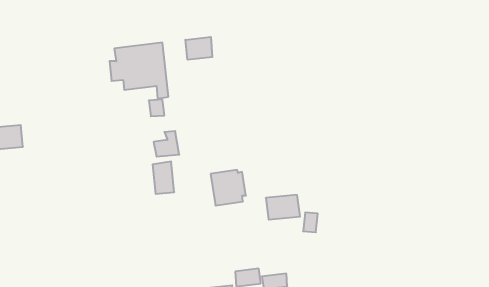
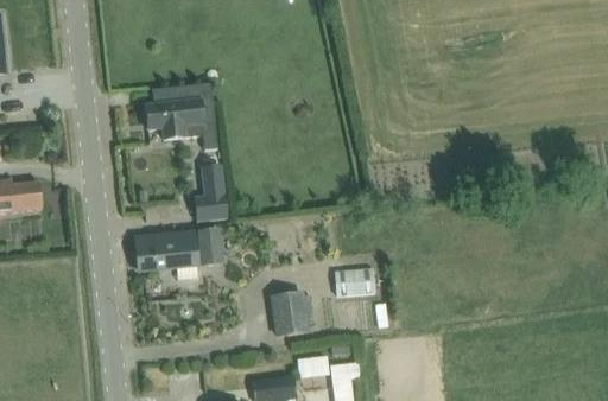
building: [185,37,212,60] -> none
building: none -> [134,231,196,270]
building: [211,170,246,205] -> [272,291,315,333]

